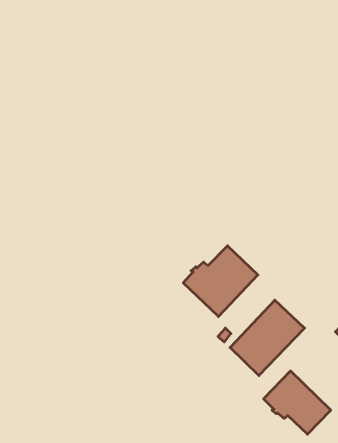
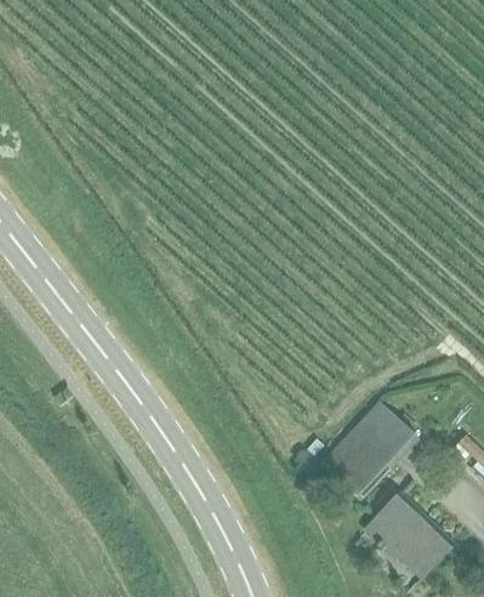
building: [183,246,258,317] -> none

